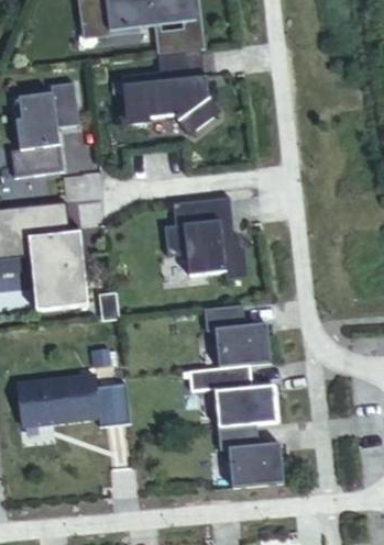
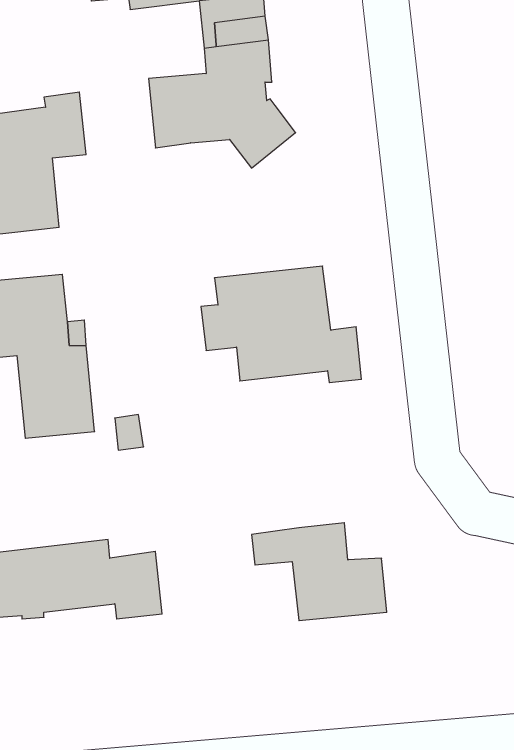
building: [204,304,270,367] -> none
building: [217,424,283,487] -> none

